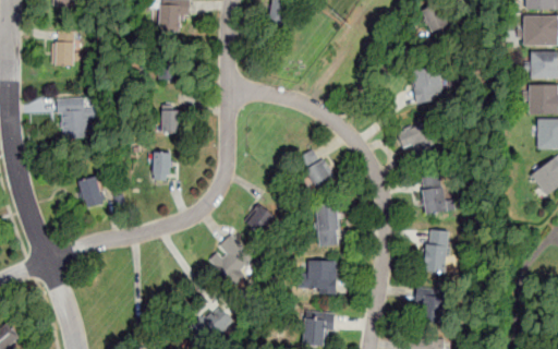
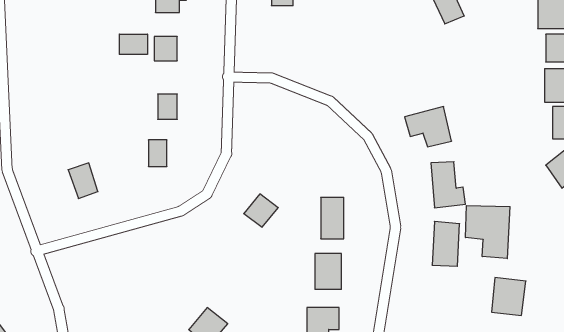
building: [53,43,81,70] -> none
building: none -> [119,34,147,54]
building: [413,68,439,103] -> none
building: [58,98,93,140] -> none
building: [298,148,332,190] -> none
building: none -> [466,206,510,259]
building: [208,234,251,277] -> none
building: [413,286,446,322] -> [492,278,526,315]

